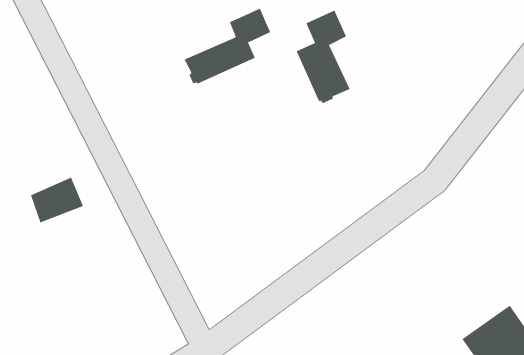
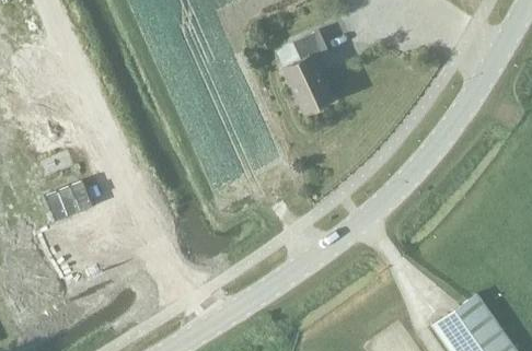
building: [184,8,271,85] -> none

